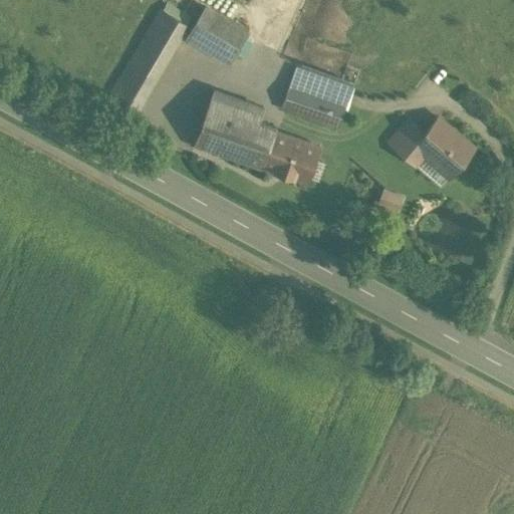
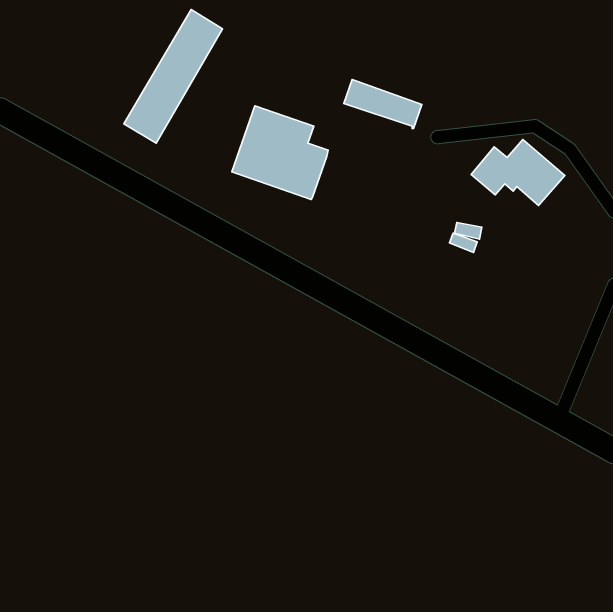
building: [188,7,248,62] -> none
building: [281,88,345,128] -> none
building: [262,133,318,183] -> none

